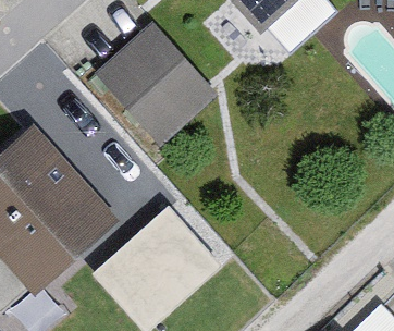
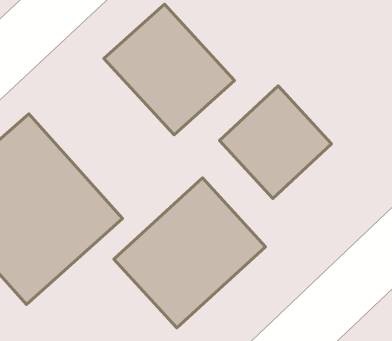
building: none -> [220,86,331,199]

